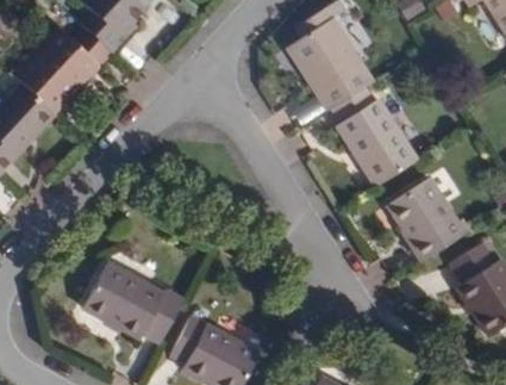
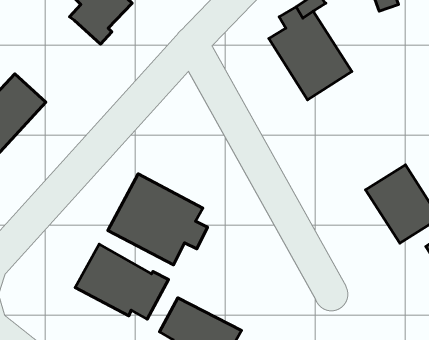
building: [12,27,111,114] -> none
building: [337,101,416,187] -> none
building: none -> [108,174,208,265]

